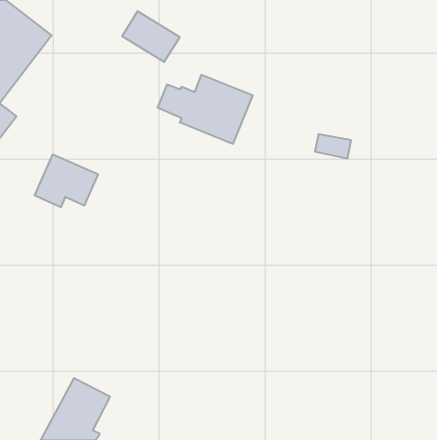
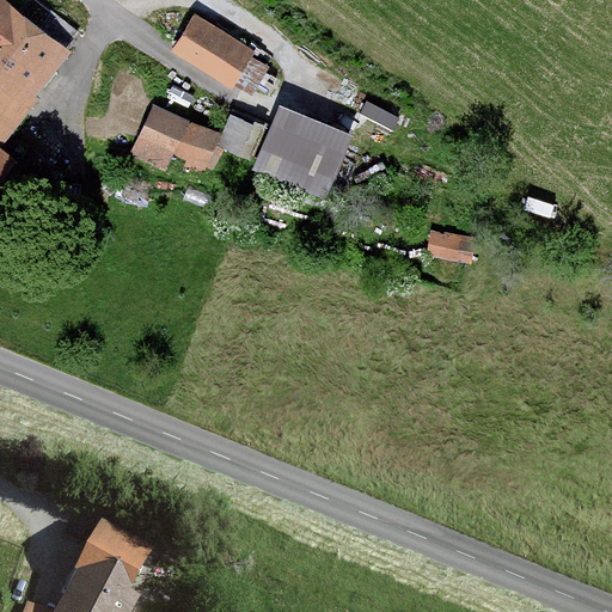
building: [315,134,351,158] -> [423,226,473,259]
building: [34,155,98,207] -> [127,104,215,177]

